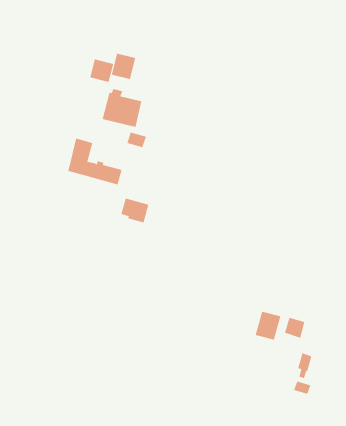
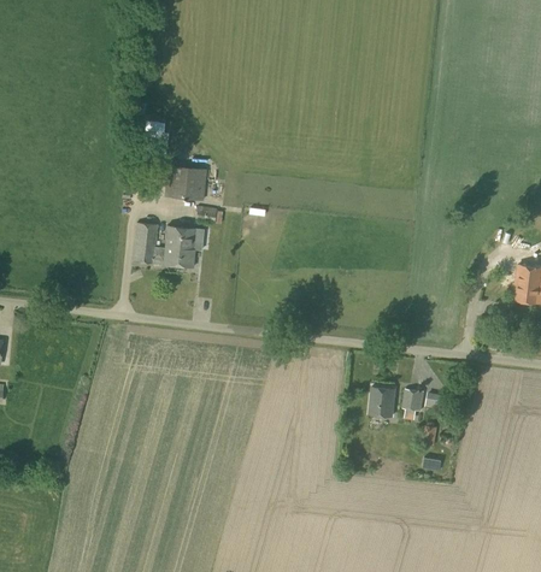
building: [111,53,136,80] -> none
building: [121,198,149,223] -> [165,224,195,249]

